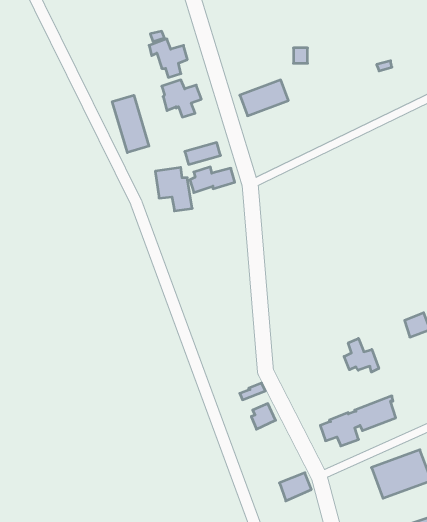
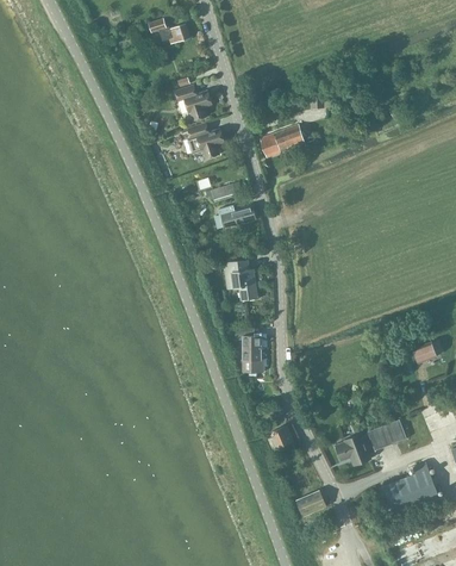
building: [112,95,149,153] -> none
building: [155,167,192,211] -> [224,260,258,300]
building: none -> [236,328,264,372]
building: [344,338,379,372] -> none

